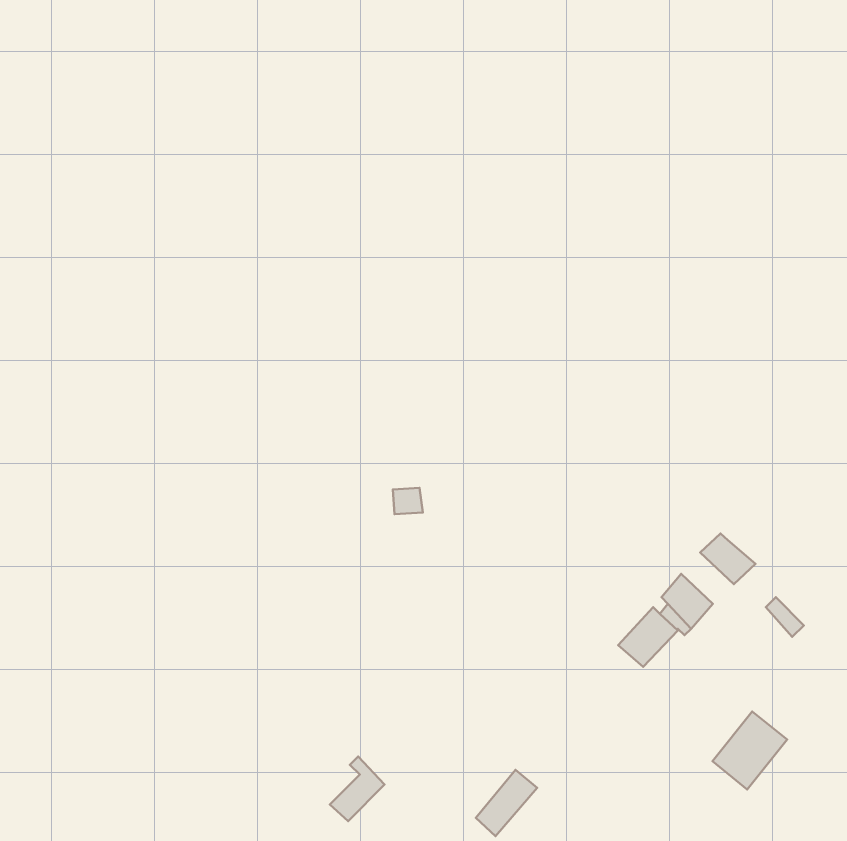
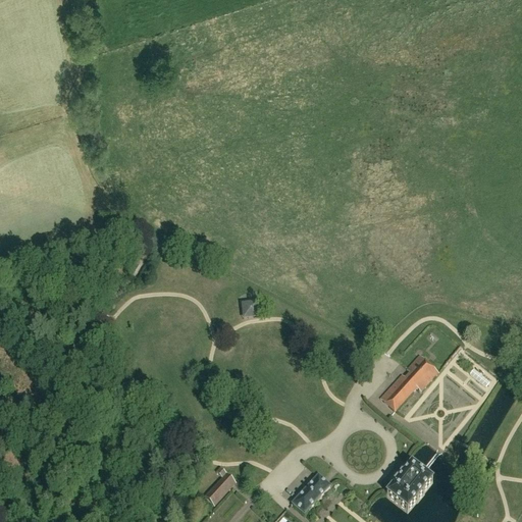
building: [700,534,755,584] -> none
building: [713,711,787,789] -> [386,462,432,510]

